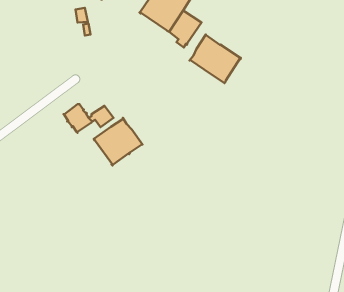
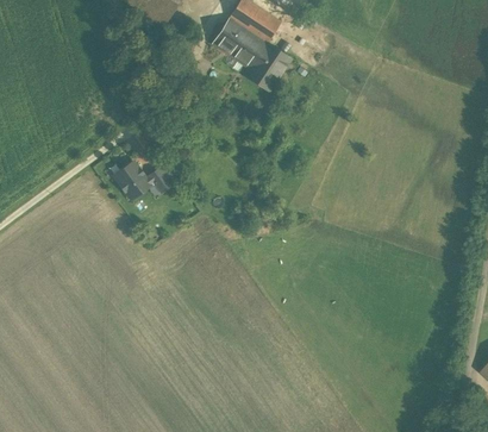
building: [190,35,241,83] -> none
building: [94,118,142,165] -> none

